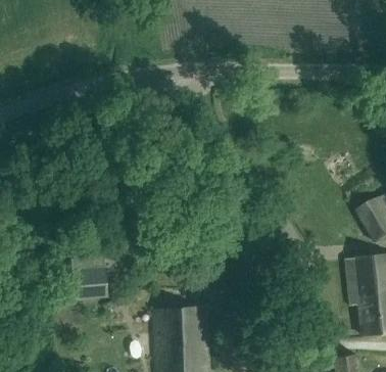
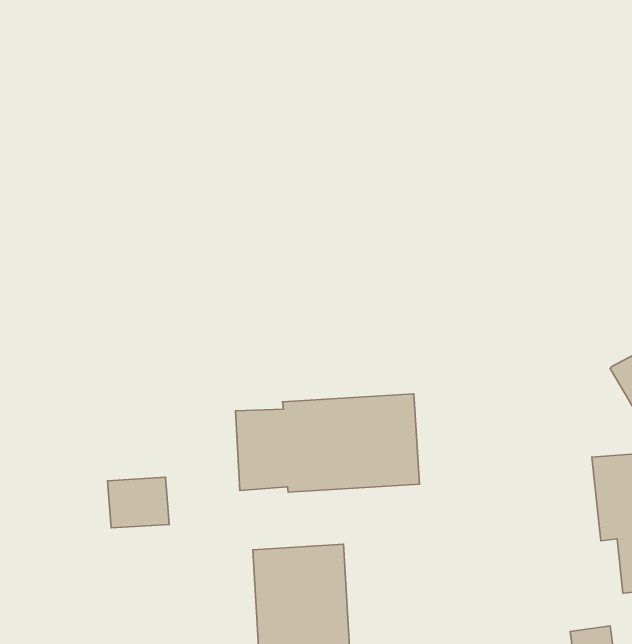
building: none -> [236,394,419,492]

